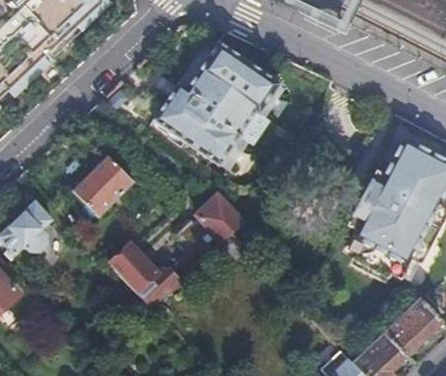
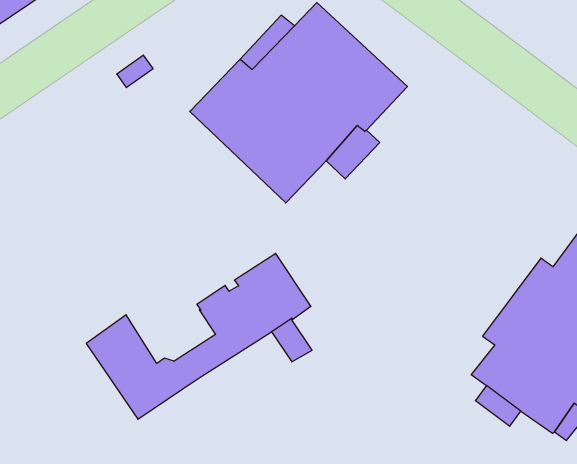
building: [75,153,135,213] -> none

